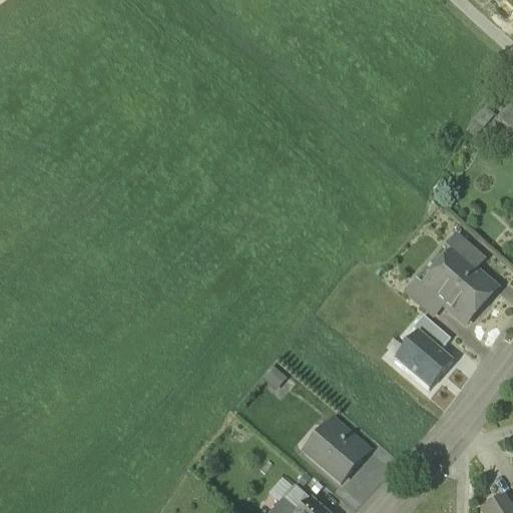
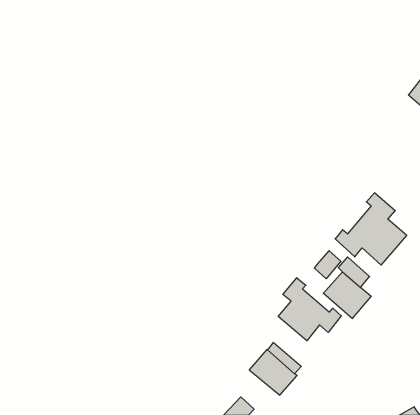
building: none -> [314,251,341,279]
building: none -> [278,278,341,341]

